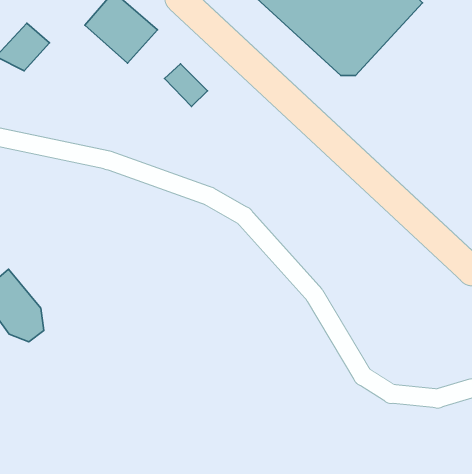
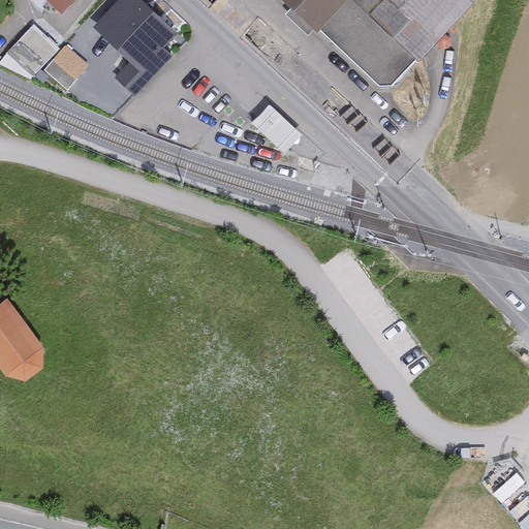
building: none -> [41,45,84,88]
building: [165,64,207,107] -> [251,105,299,153]

